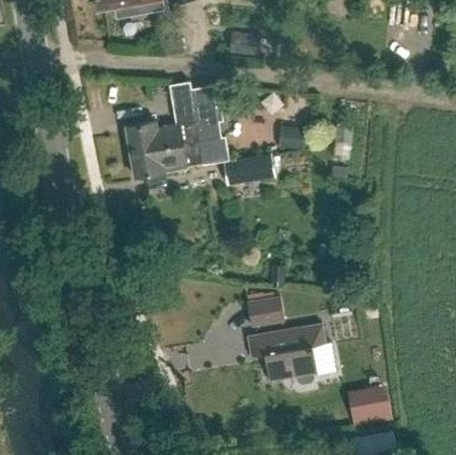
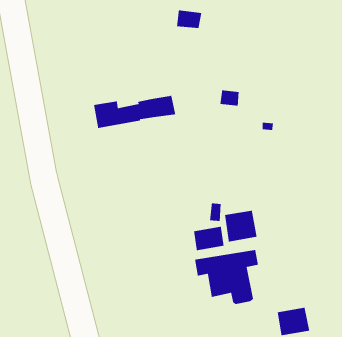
building: [125,81,220,151] -> none
building: [224,154,275,184] -> none
building: none -> [224,210,257,243]

